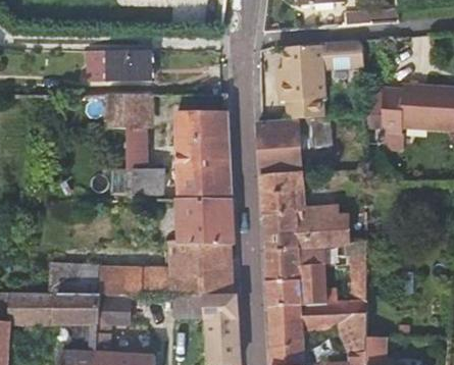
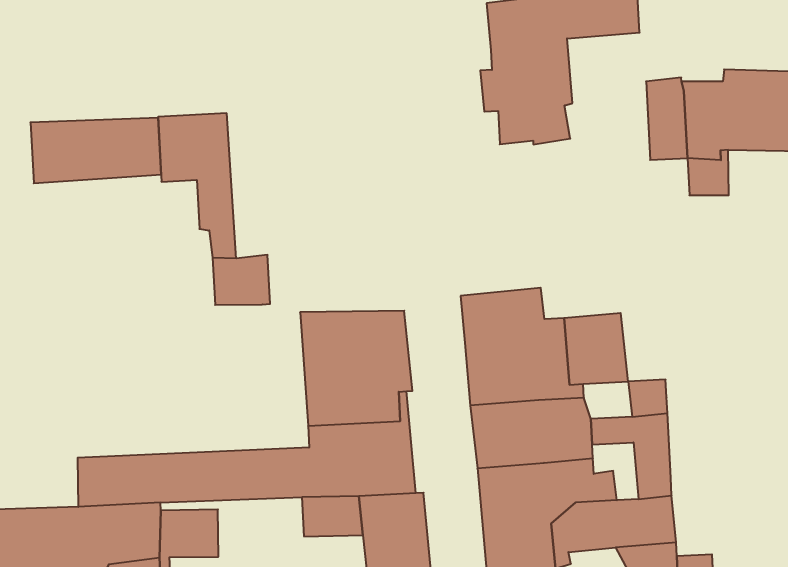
building: [84,49,150,81] -> [30,118,161,183]
building: [174,110,232,201] -> none
building: [258,115,333,195] -> none

